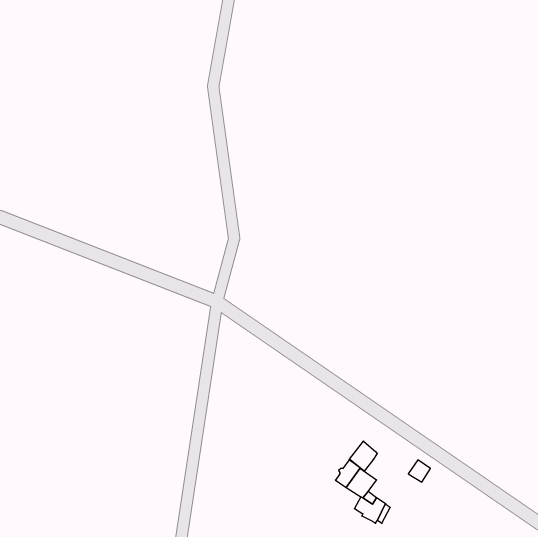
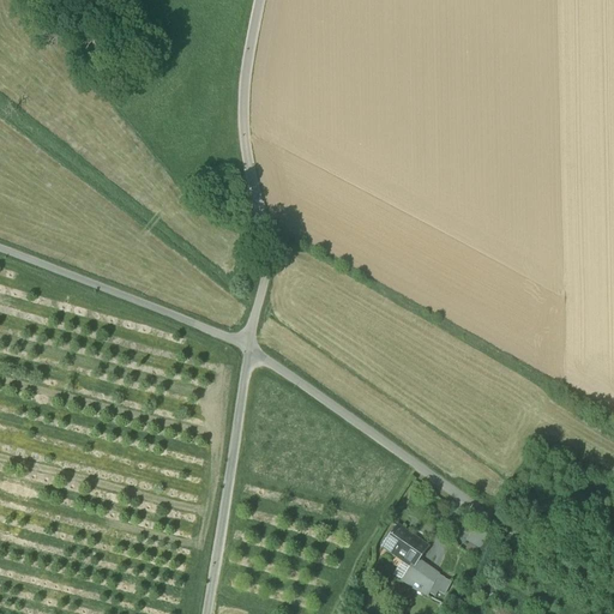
building: [349,441,377,471] -> none

